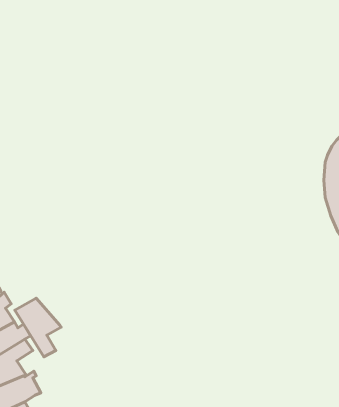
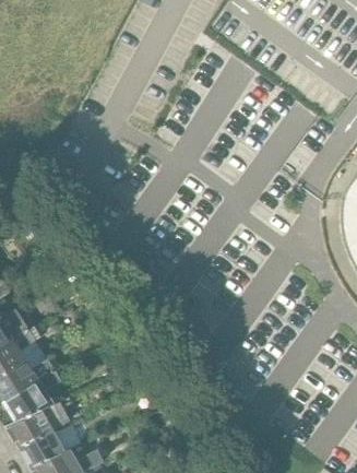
building: [15,298,61,357] -> none

